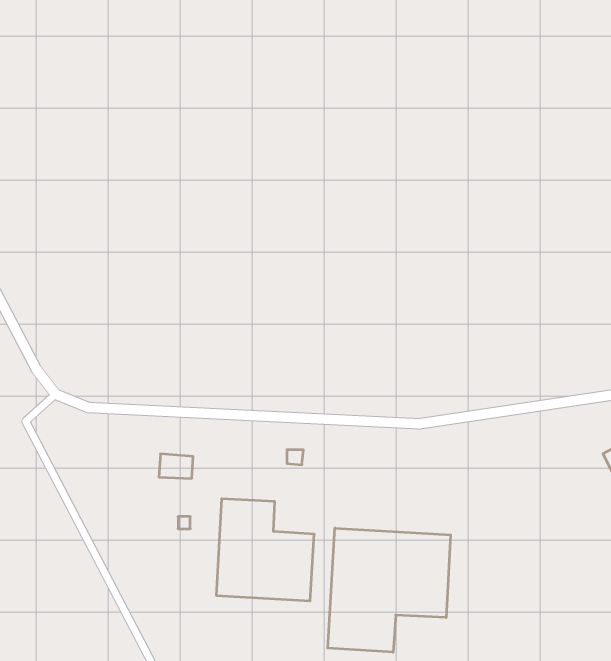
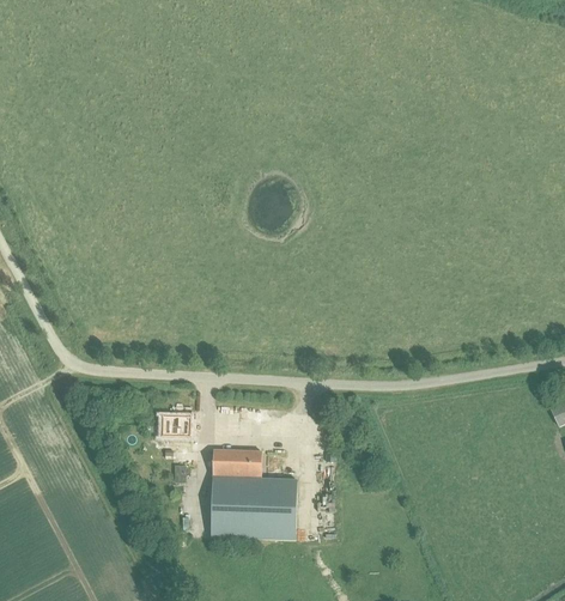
building: [328,528,451,652] -> none

